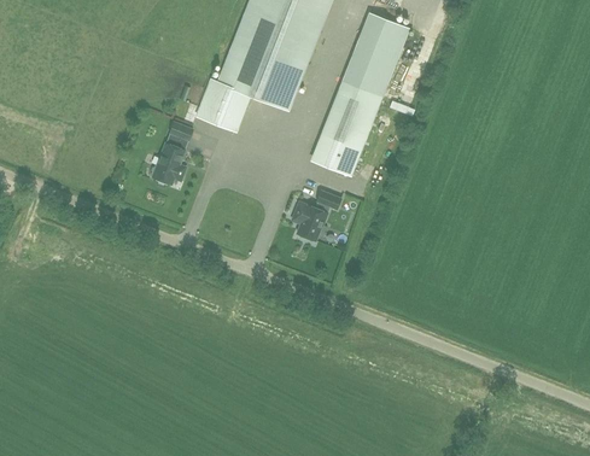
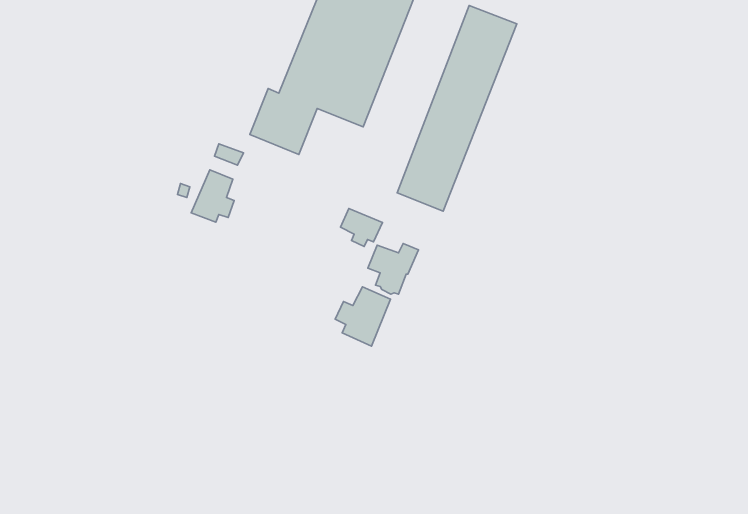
building: none -> [341,209,383,247]
building: none -> [335,287,390,346]

